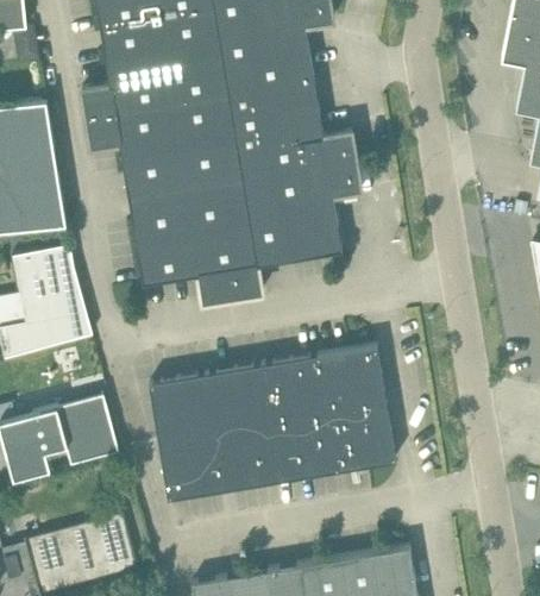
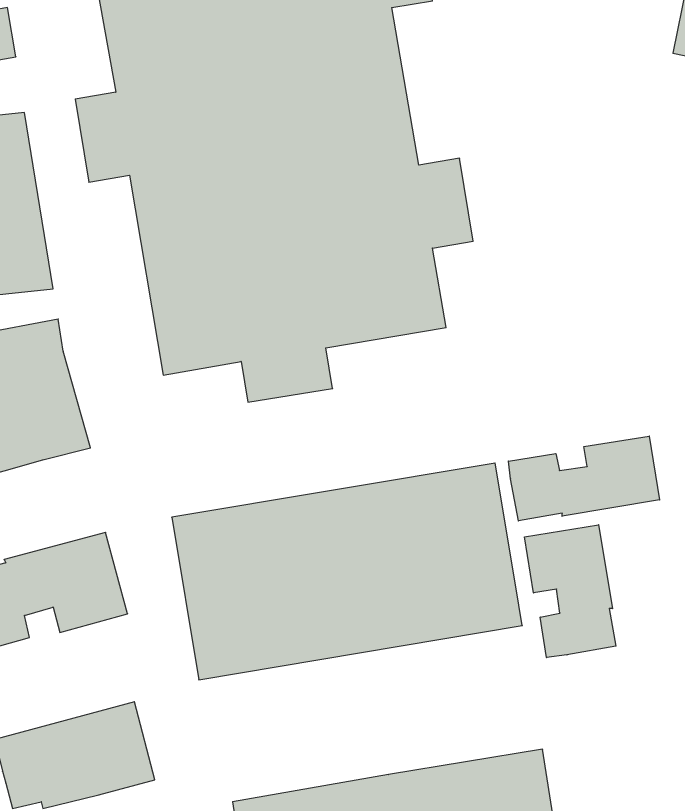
building: none -> [508,436,660,521]
building: none -> [525,525,616,658]

